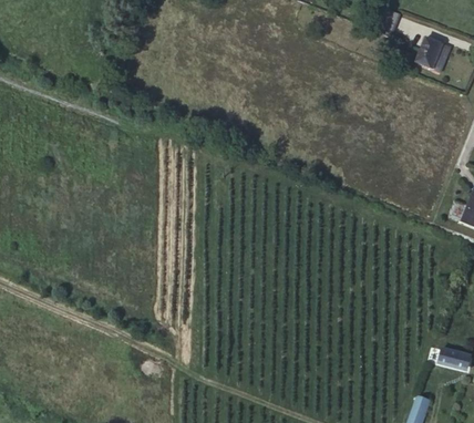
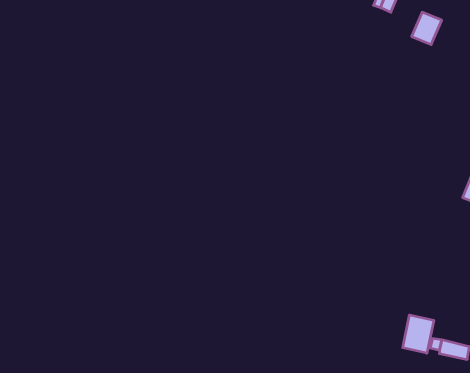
building: none -> [403,315,434,353]

